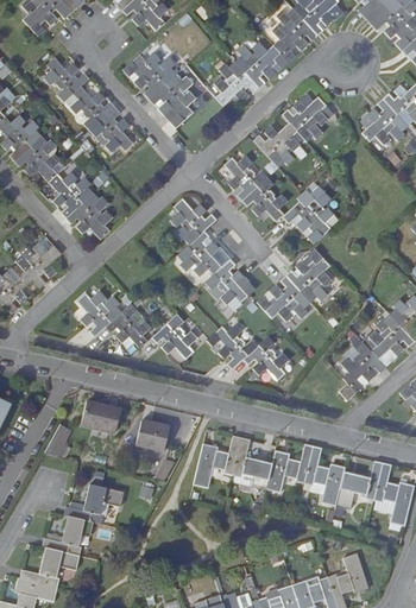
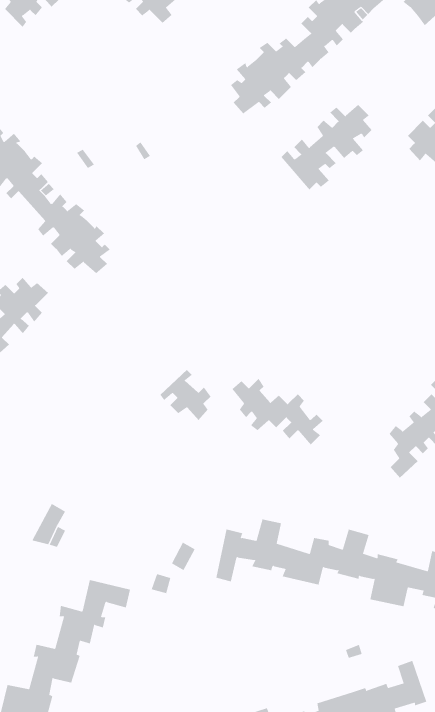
building: [121,50,195,126] -> none
building: [42,55,132,150] -> none
building: [221,153,333,241] -> none
building: [168,196,247,303] -> none
building: [257,247,330,318] -> none
building: [74,290,149,344] -> none
building: [81,399,121,431] -> none
building: [138,419,172,451] -> none

